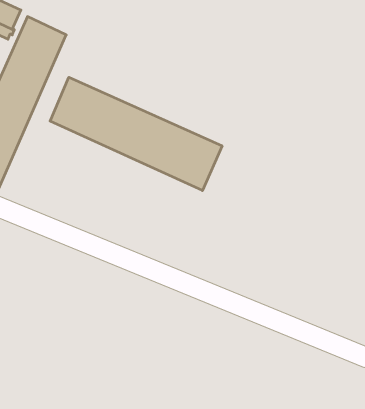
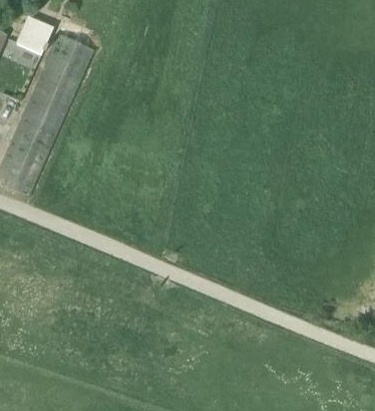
building: [50,77,222,191] -> none

